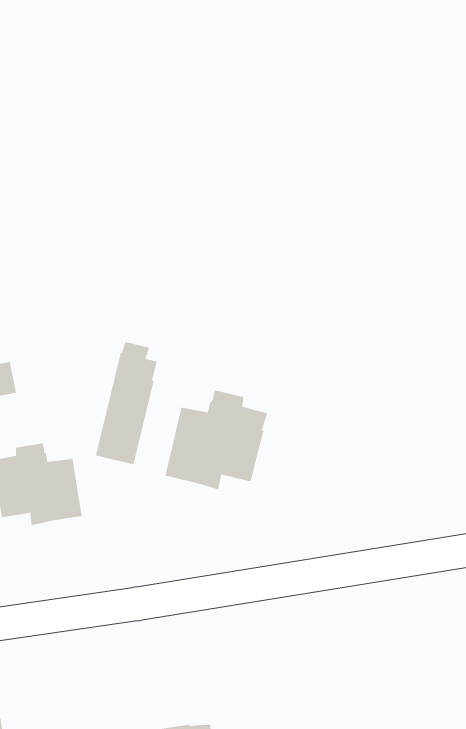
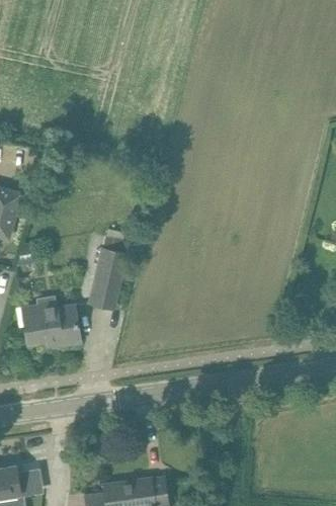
building: [165,390,267,490] -> none

